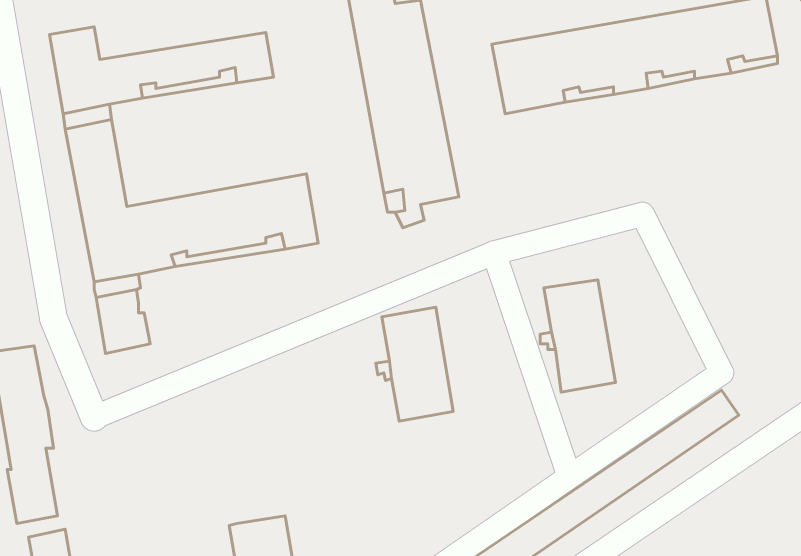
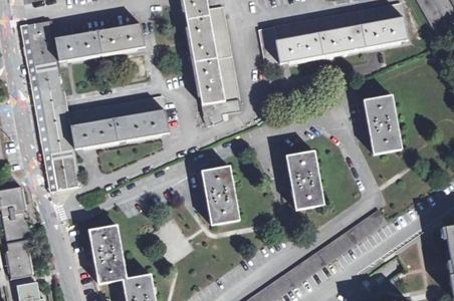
building: none -> [363,95,401,155]
building: none -> [87,226,126,284]

